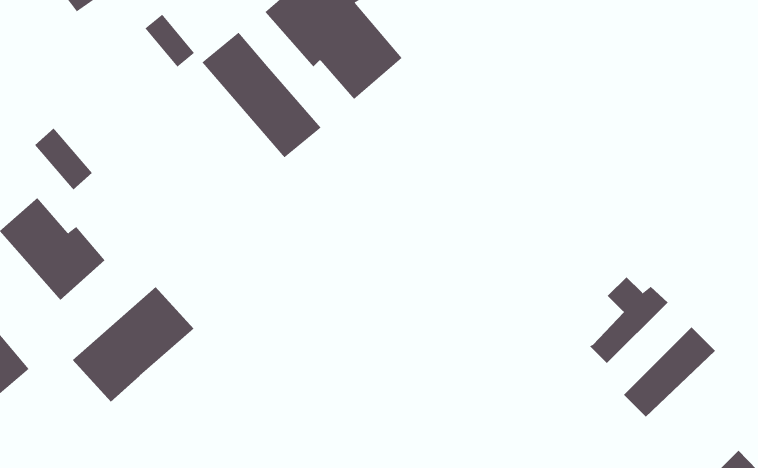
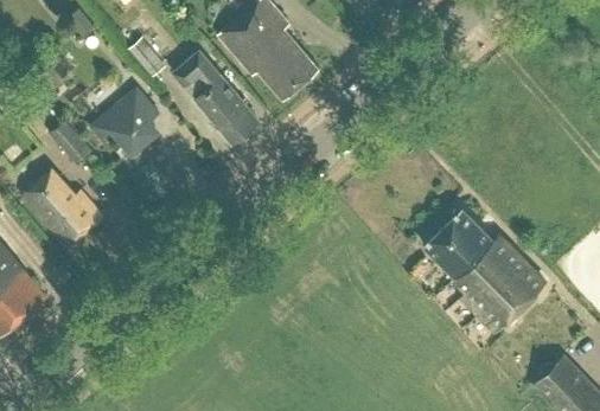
building: none -> [90,89,158,154]
building: none -> [425,210,481,280]
building: [72,286,194,403] -> none
building: none -> [461,249,529,316]

